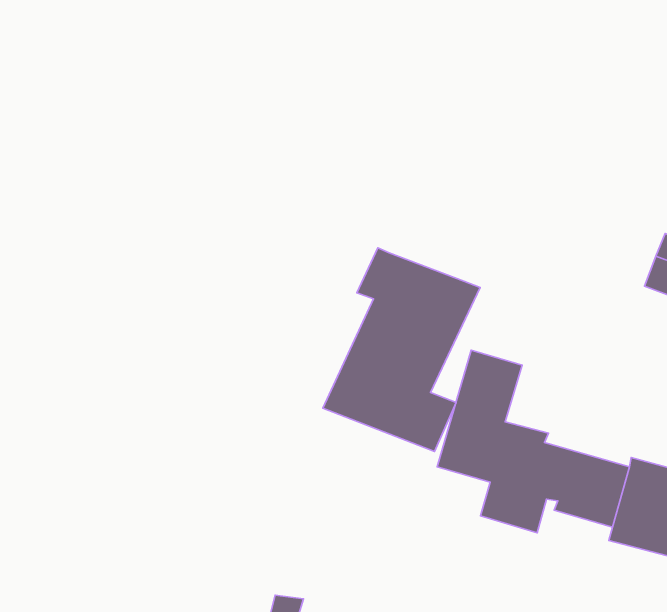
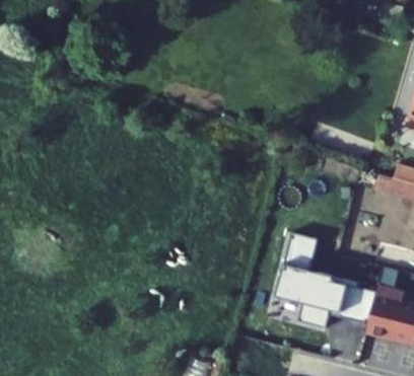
building: [323,248,480,452] -> none

